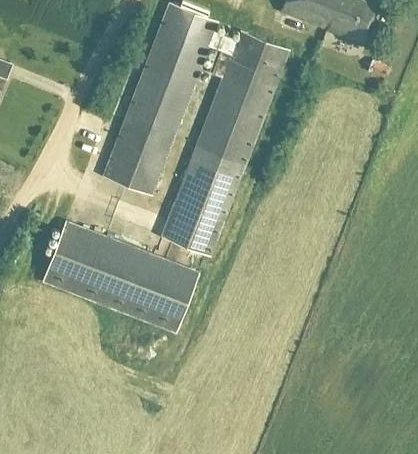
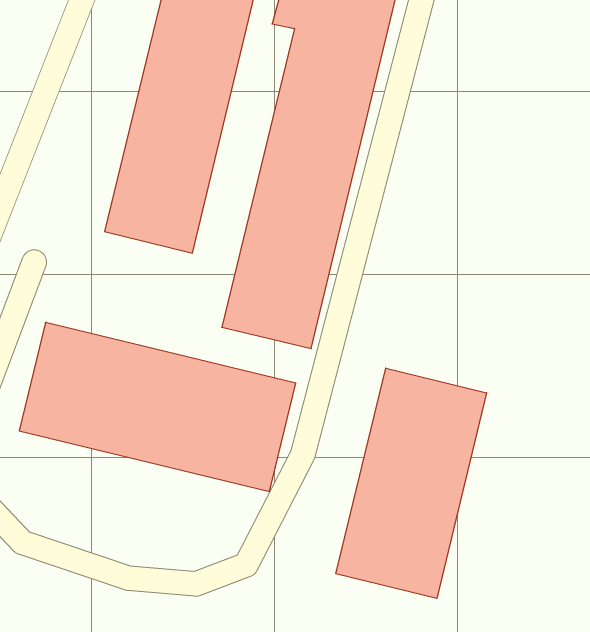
building: none -> [336,368,487,598]

